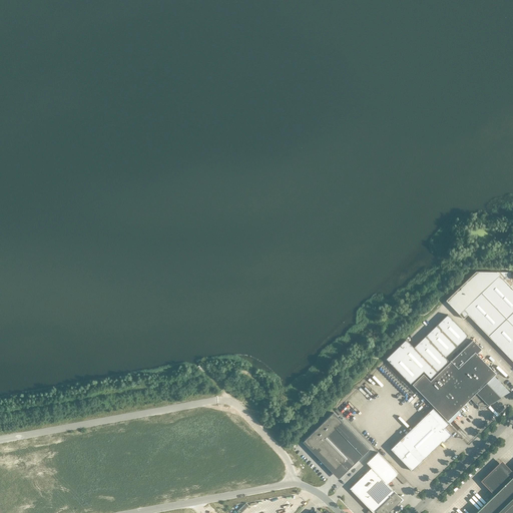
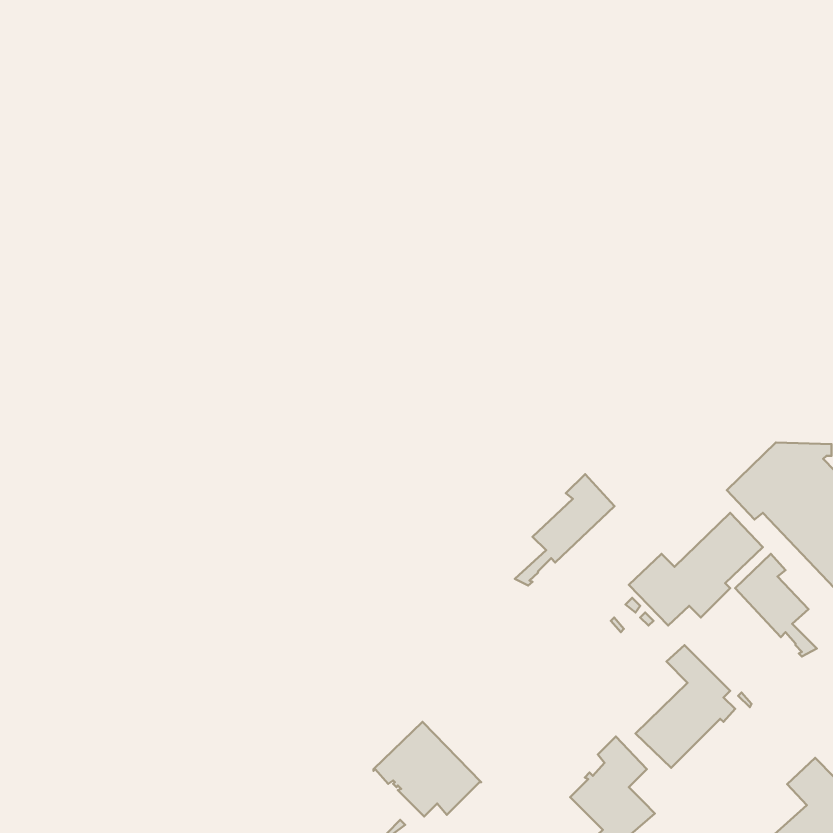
building: none -> [515,474,614,586]
building: [413,362,493,422] -> none
building: [304,414,370,472] -> [373,722,481,816]

